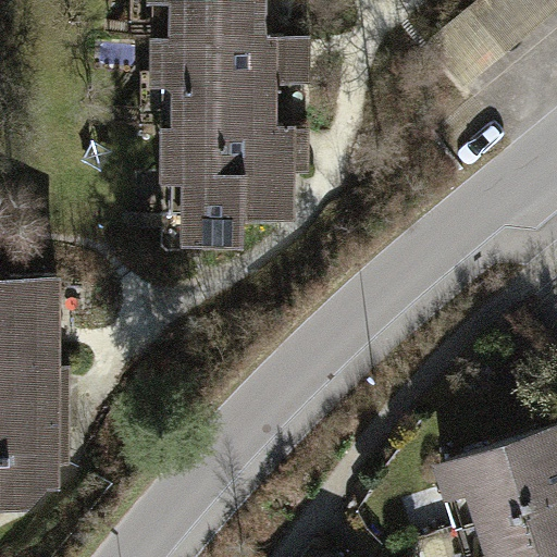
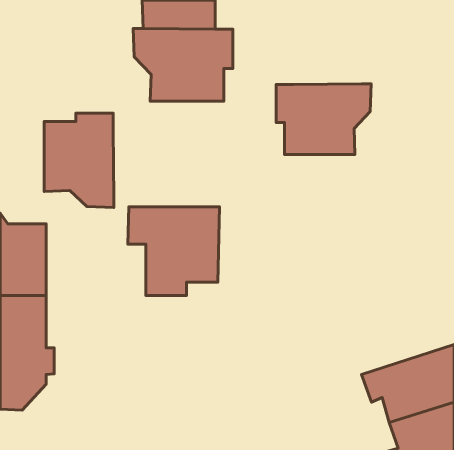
building: none -> [276,84,371,154]
building: [173,128,285,237] -> [128,207,219,296]
building: none -> [44,113,114,207]

